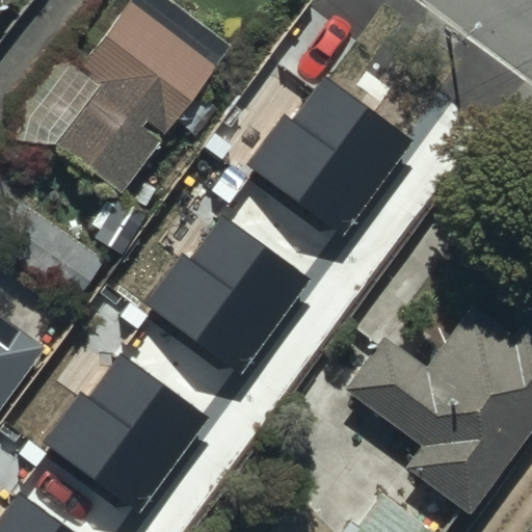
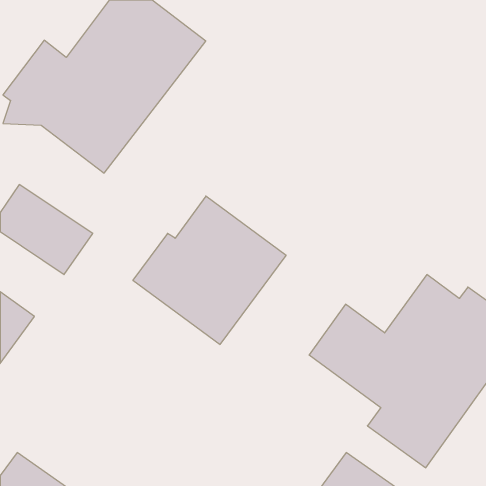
building: [249,80,416,241] -> none
building: [46,356,212,517] -> none

